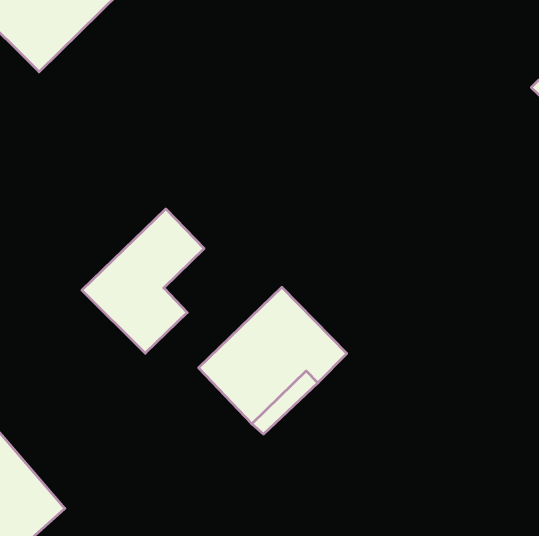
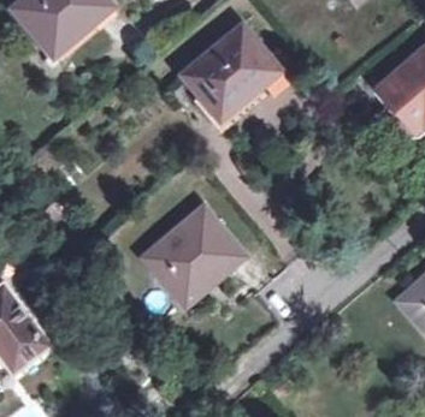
building: none -> [183,26,278,118]
building: [82,209,204,353] -> none

